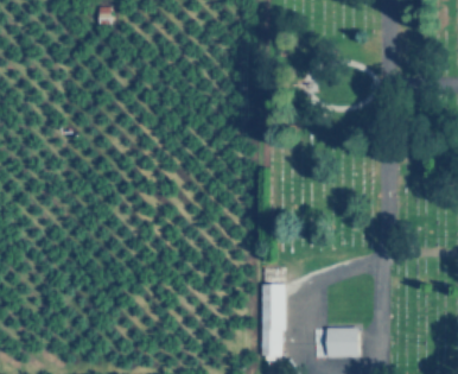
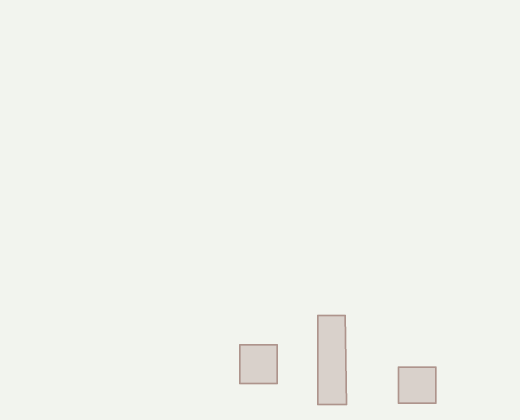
building: none -> [240,345,277,383]

